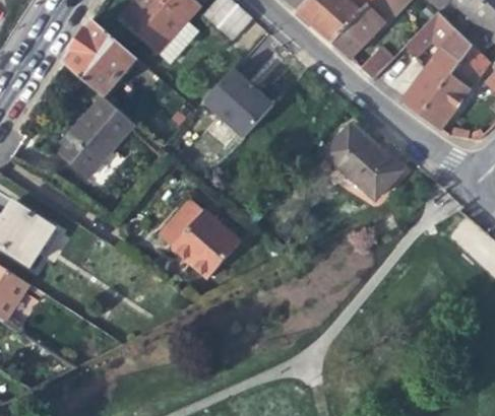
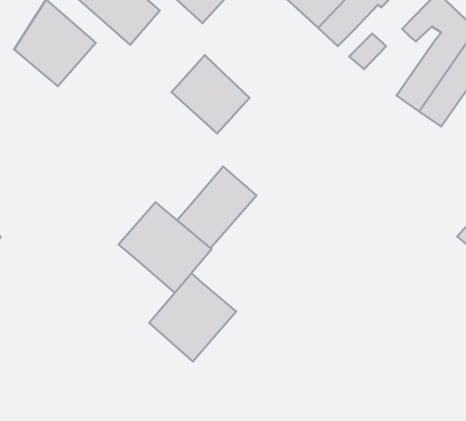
building: [55,94,134,176] -> none
building: [324,125,398,197] -> none
building: none -> [177,166,257,248]
building: none -> [149,273,236,362]

